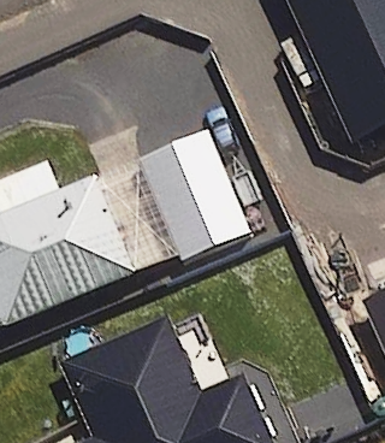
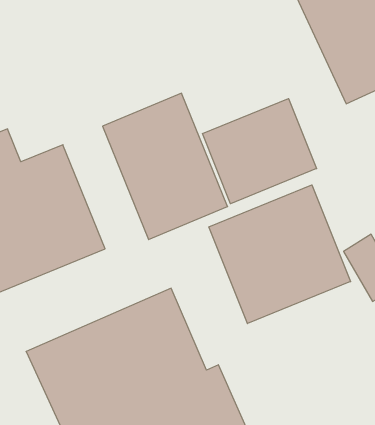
building: none -> [203,99,317,204]
building: none -> [209,185,351,324]

